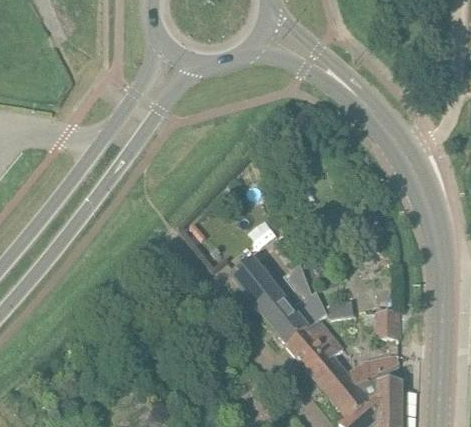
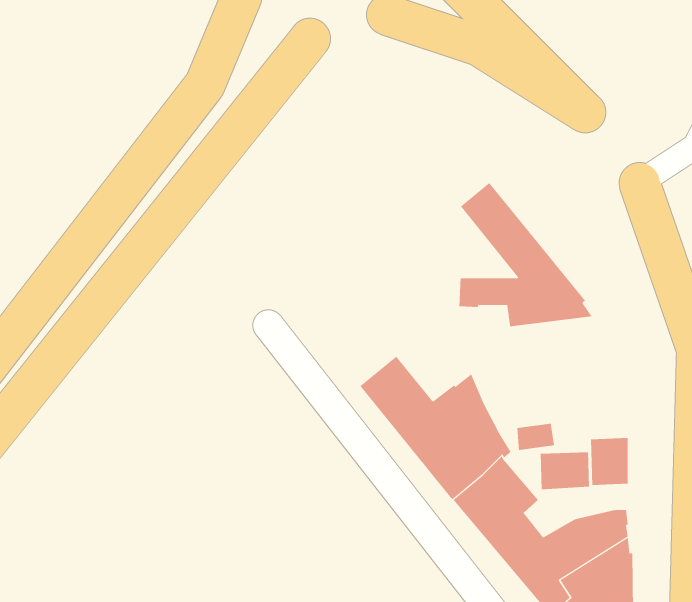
building: none -> [459,182,593,327]
building: none -> [540,451,589,490]

